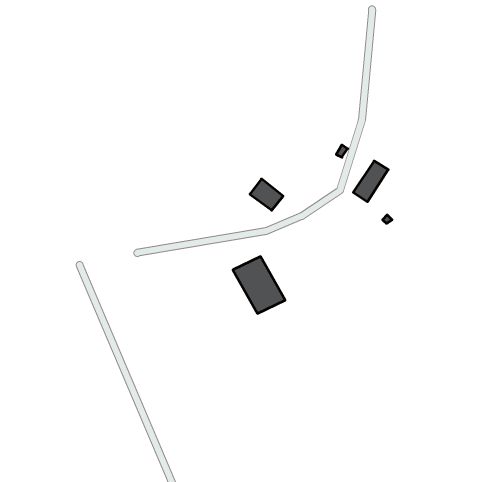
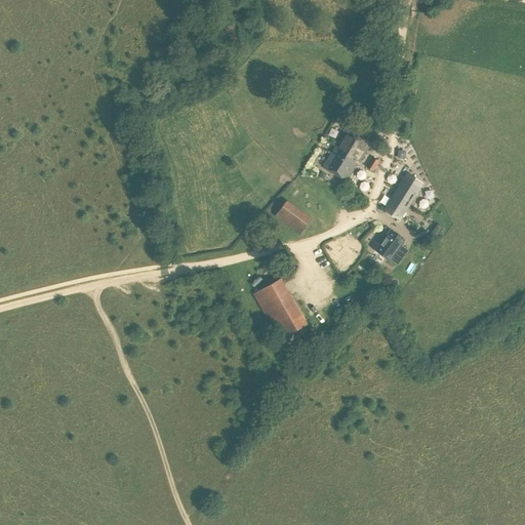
building: none -> [324,127,371,179]
building: none -> [373,230,411,267]

